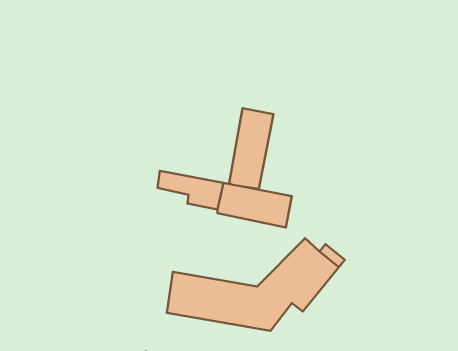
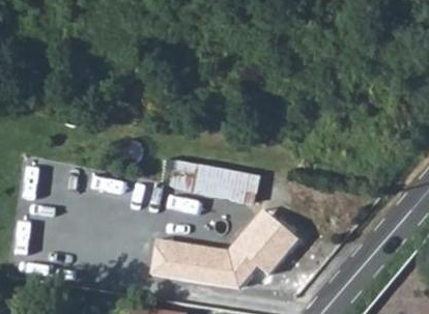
building: [229,108,273,189] -> none

